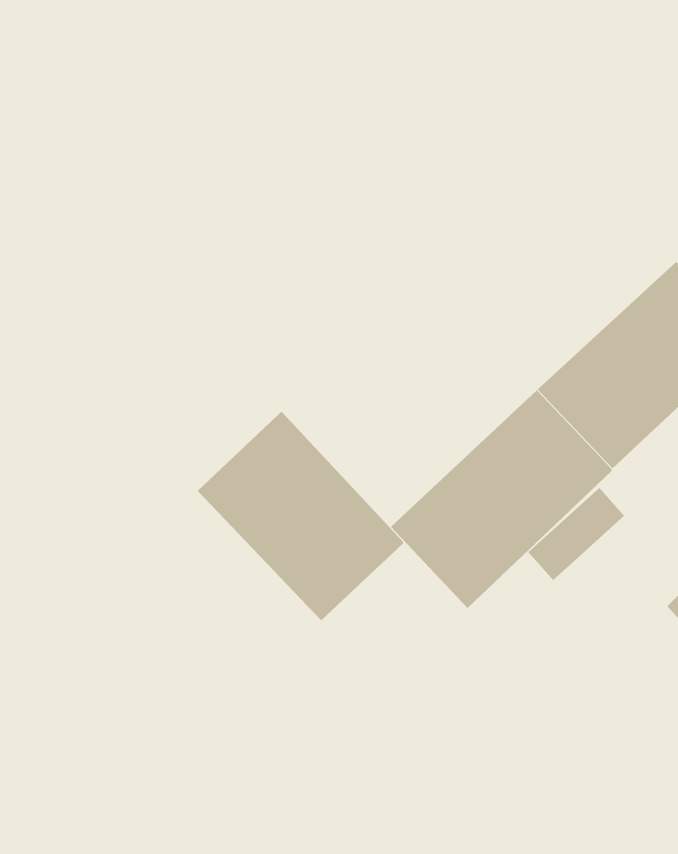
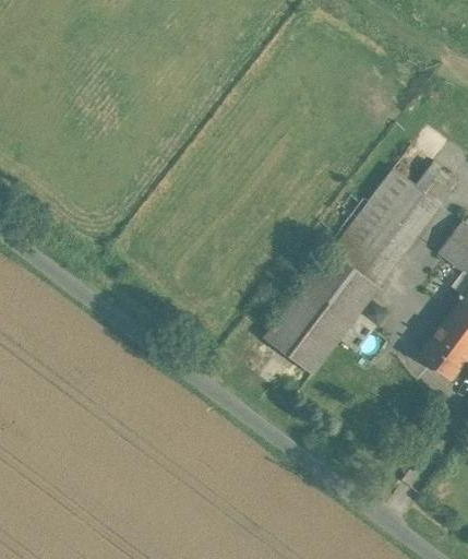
building: [197,411,404,621] -> none

